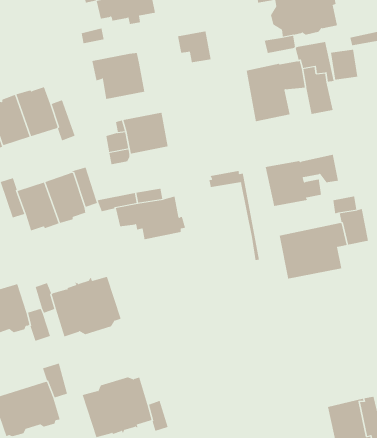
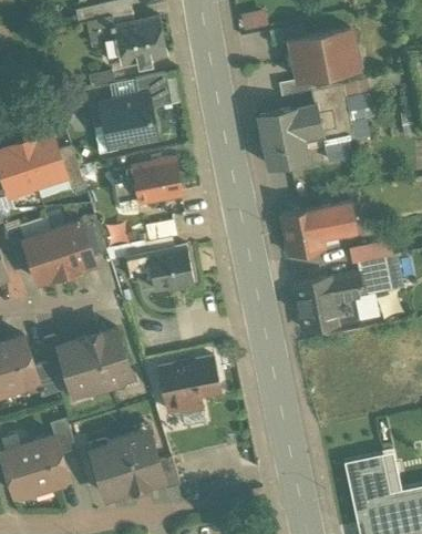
building: [177,31,212,63] -> [136,75,172,109]
building: [209,170,259,261] -> none
building: none -> [157,358,222,412]

